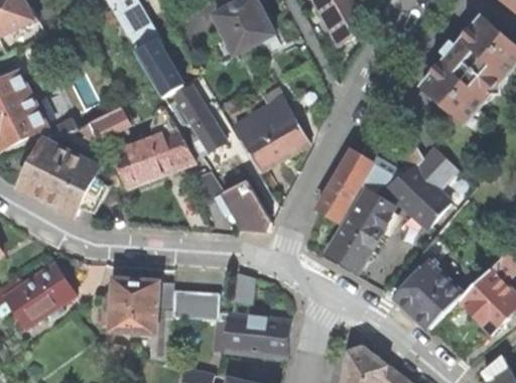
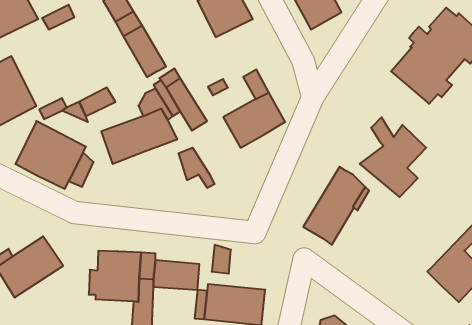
building: [318,151,403,221] -> none
building: [230,188,271,229] -> none
building: [395,260,463,330] -> none

